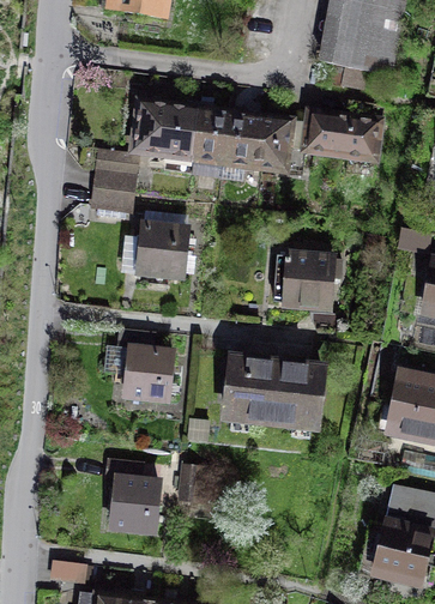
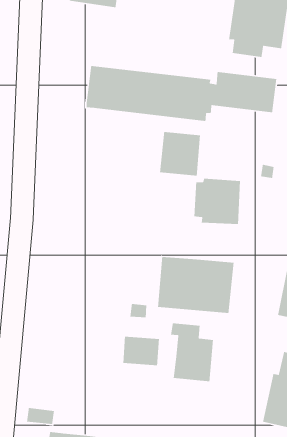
building: [87,145,138,212] -> none
building: [133,221,189,282] -> [159,131,201,176]
building: [114,325,175,406] -> none
building: [103,457,162,537] -> [170,323,214,382]

